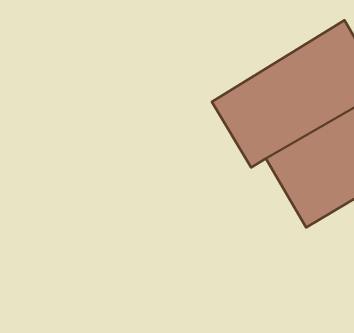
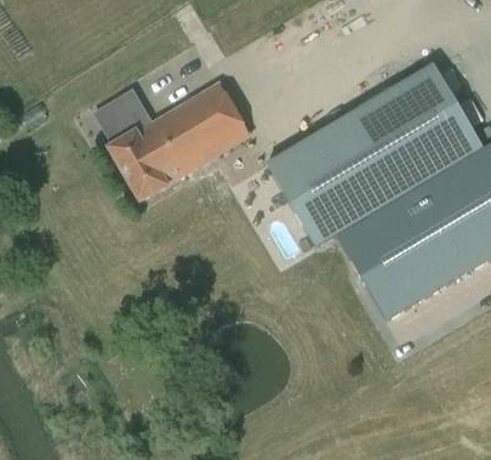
building: none -> [95,81,251,199]

